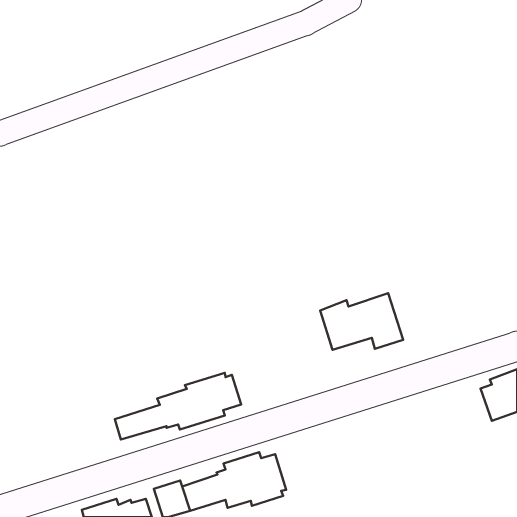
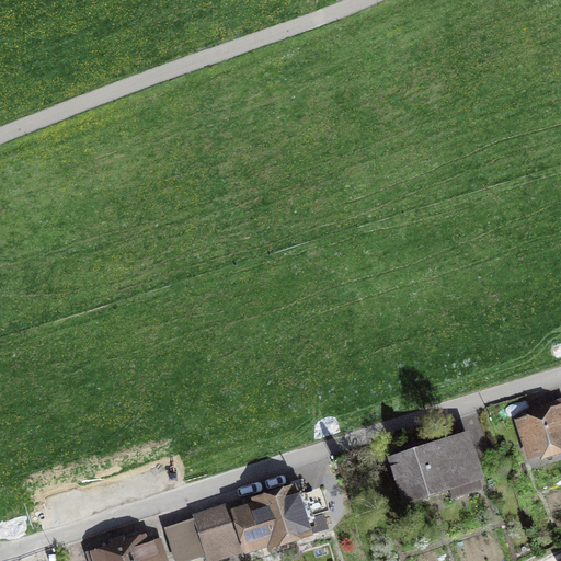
building: [320,293,403,350] -> [392,437,482,499]
building: [115,373,241,440] -> none

